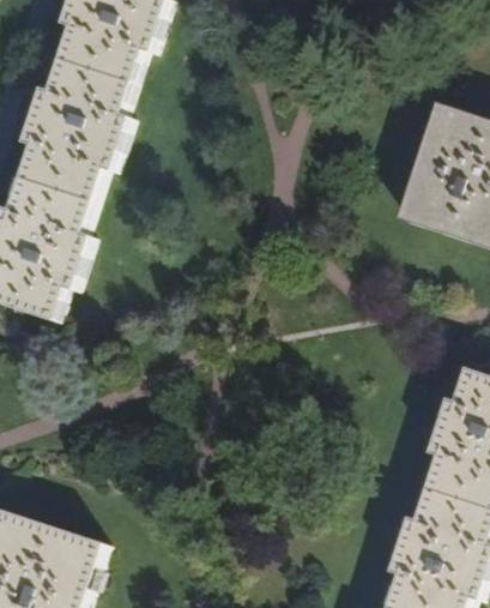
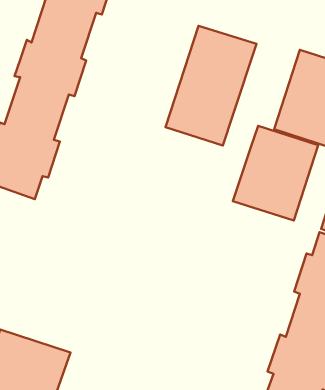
building: none -> [166,26,257,146]
building: none -> [233,126,318,220]

